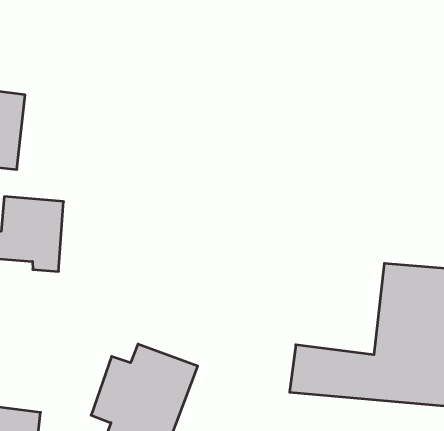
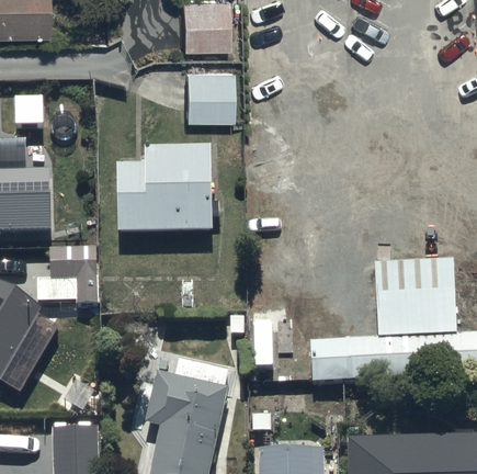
building: none -> [184,67,234,115]
building: none -> [114,146,209,234]

